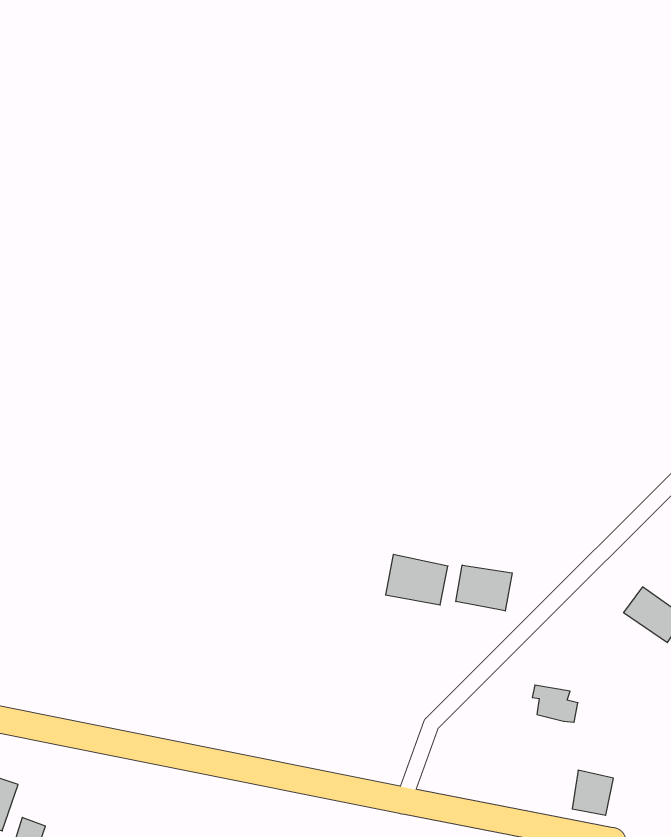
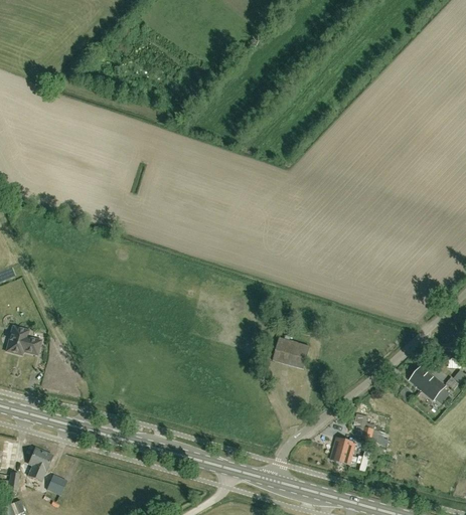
building: [456,565,512,611] -> none
building: [572,770,613,815] -> [330,437,355,464]

